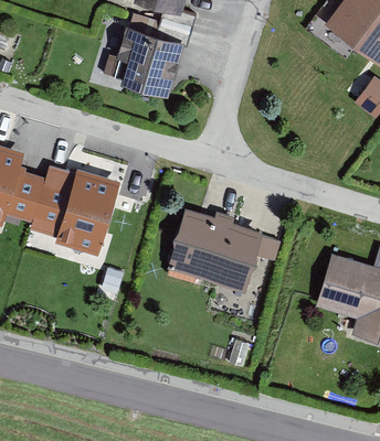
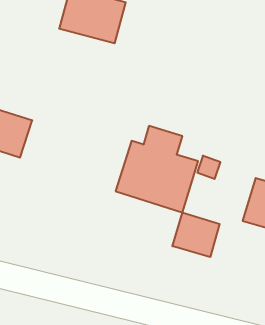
building: [51,171,118,254] -> none
building: none -> [172,212,220,257]

